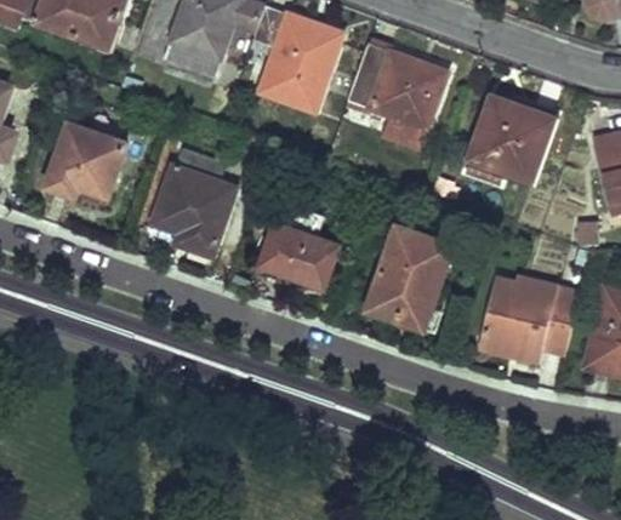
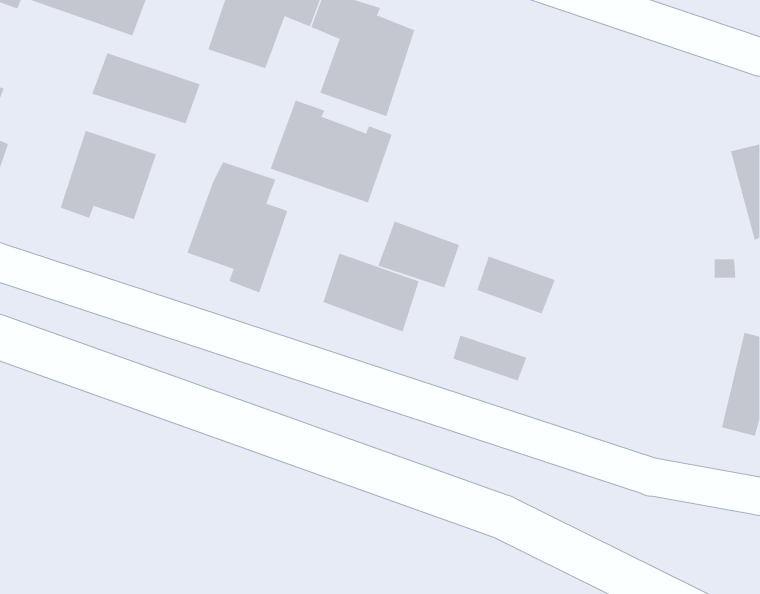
building: [347,44,446,127] -> [270,100,392,203]
building: none -> [92,52,201,124]
building: [468,95,553,181] -> none
building: [374,252,440,307] -> [378,221,460,288]
building: [479,276,580,355] -> none

